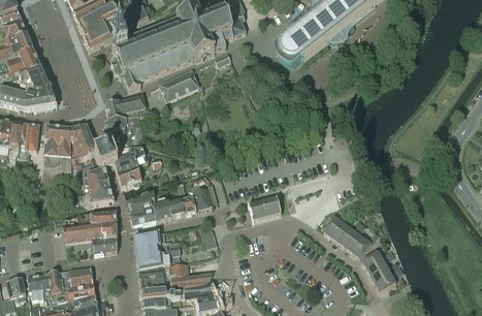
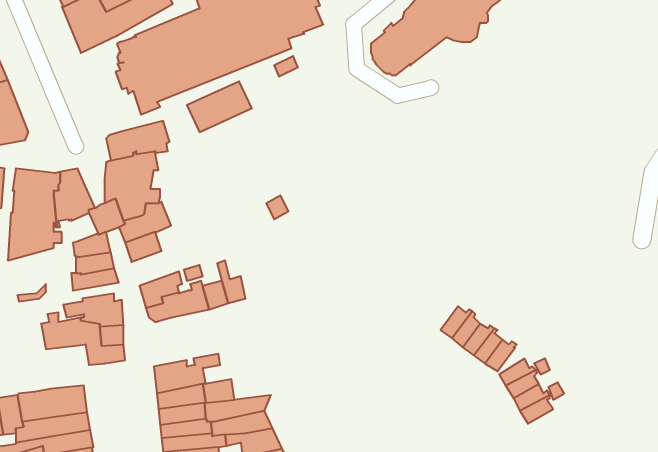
building: [194,183,217,210] -> none
building: [248,196,281,220] -> none
building: [134,231,179,254] -> none

